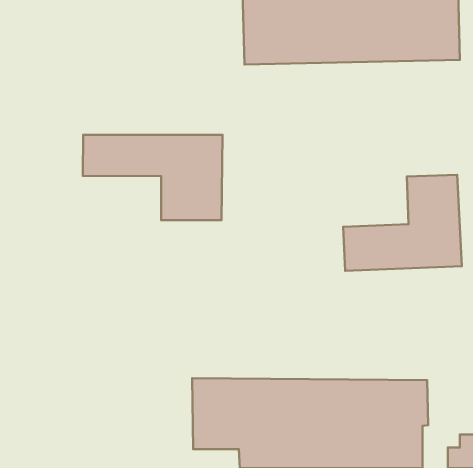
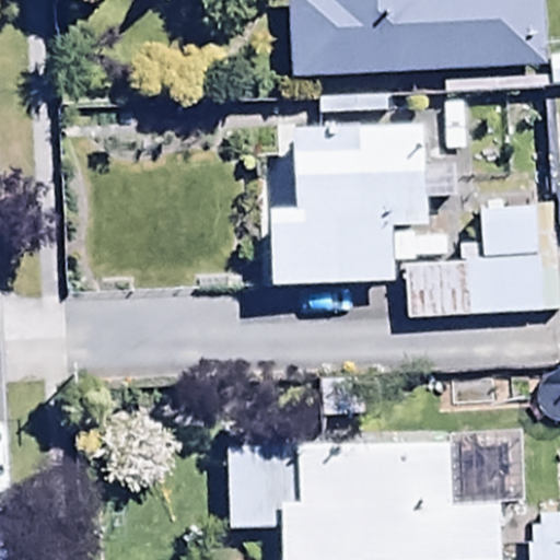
building: none -> [273,117,465,282]
building: [83,135,223,220] -> none

